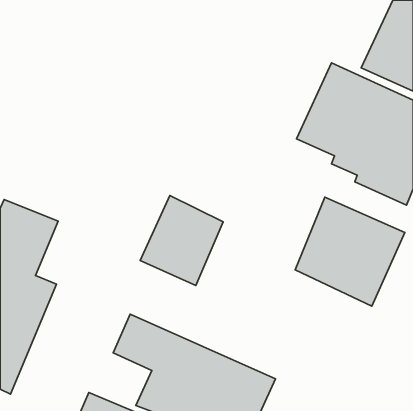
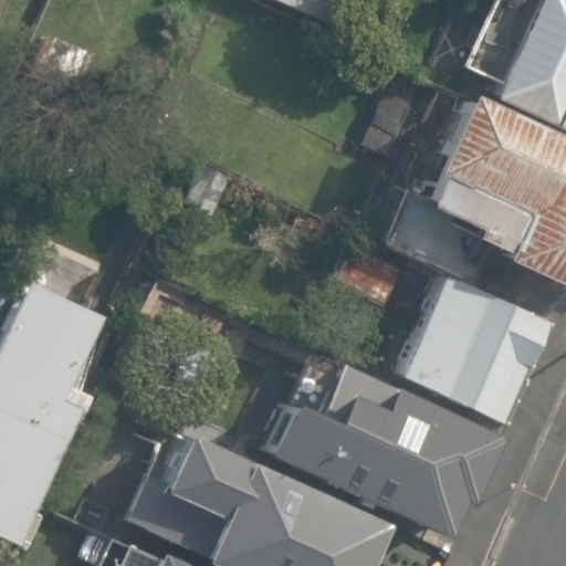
building: [140,196,223,285] -> none
building: none -> [268,355,489,535]

